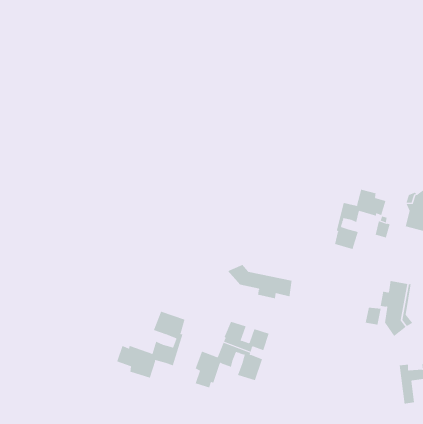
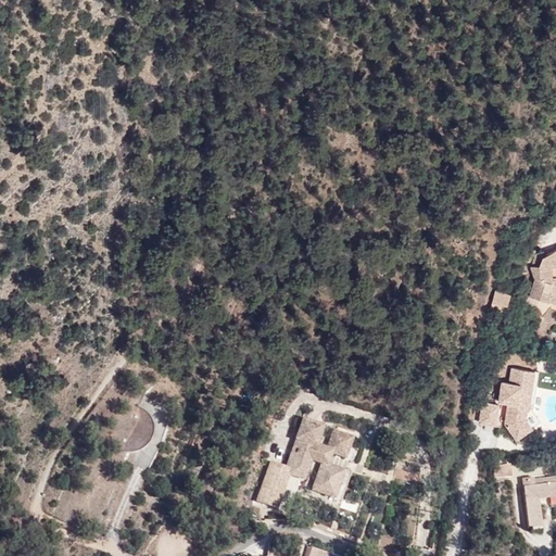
building: [334,189,386,250] -> none
building: [227,264,292,299] -> none
building: [116,311,185,378] -> none

